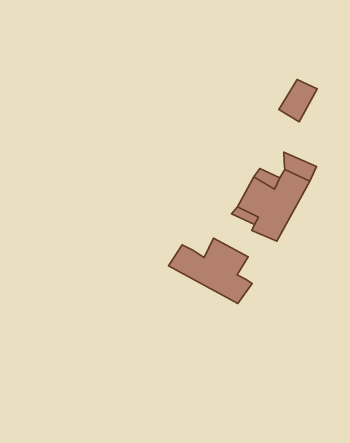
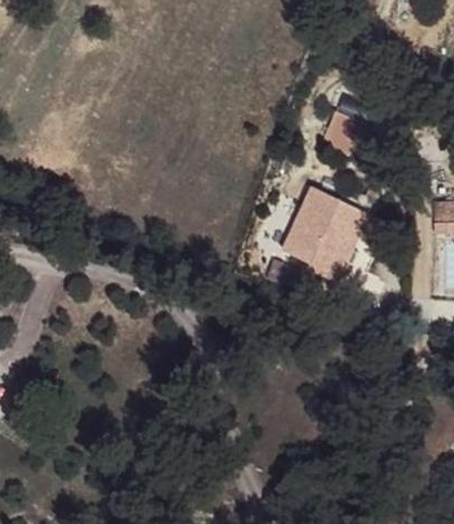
building: [169,238,252,303] -> none

